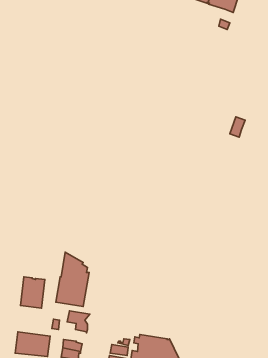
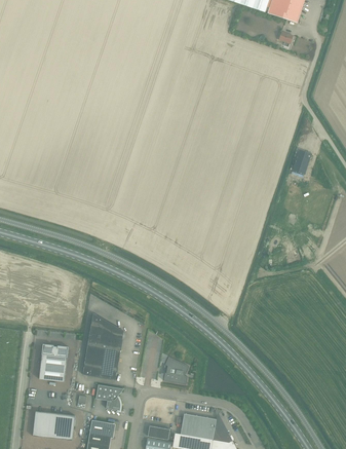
building: none -> [164,358,189,385]

